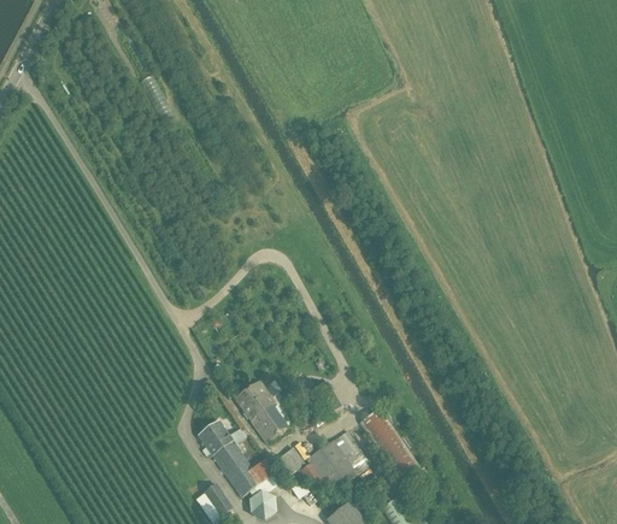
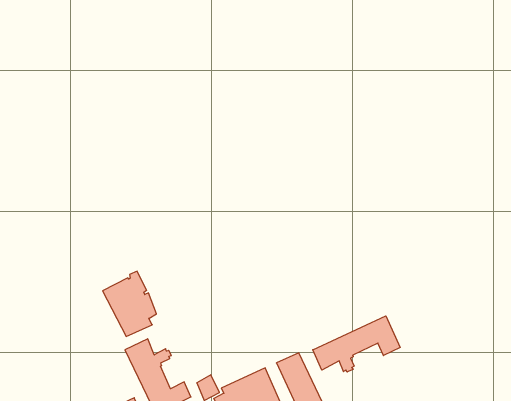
building: none -> [313,316,400,372]
building: [234,372,294,442] -> [103,271,156,336]

